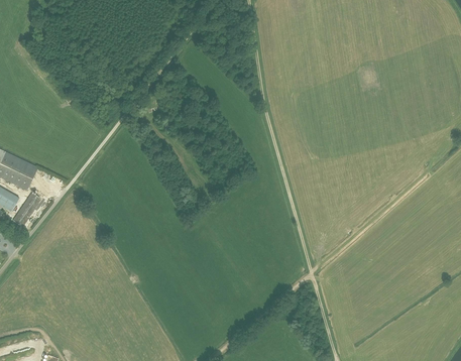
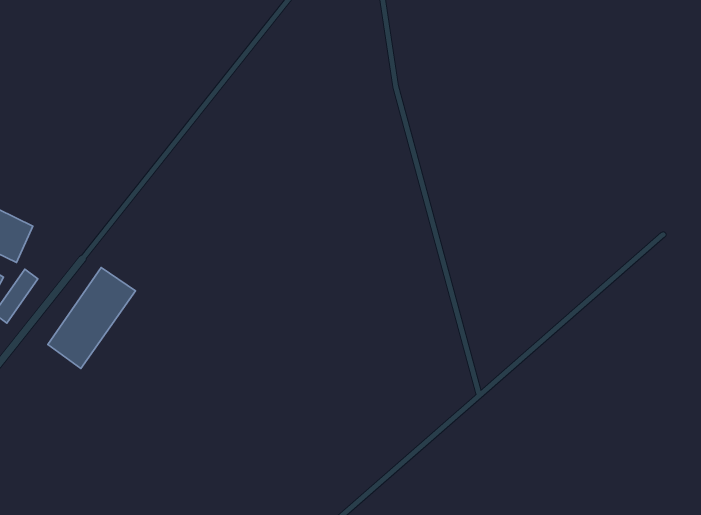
building: none -> [48,267,136,369]

